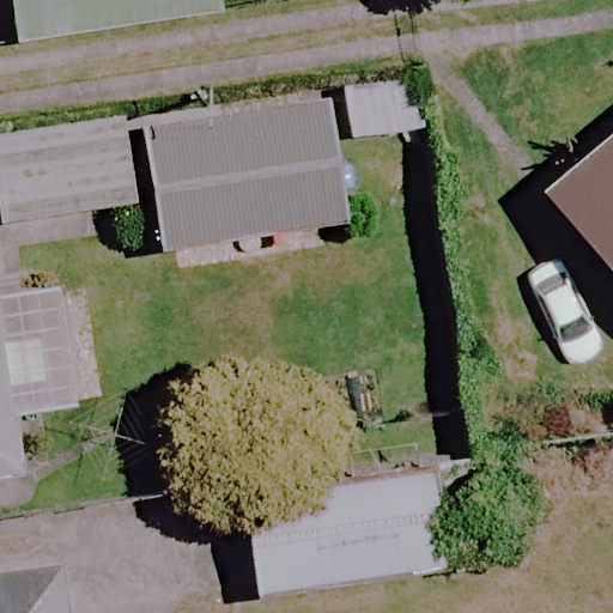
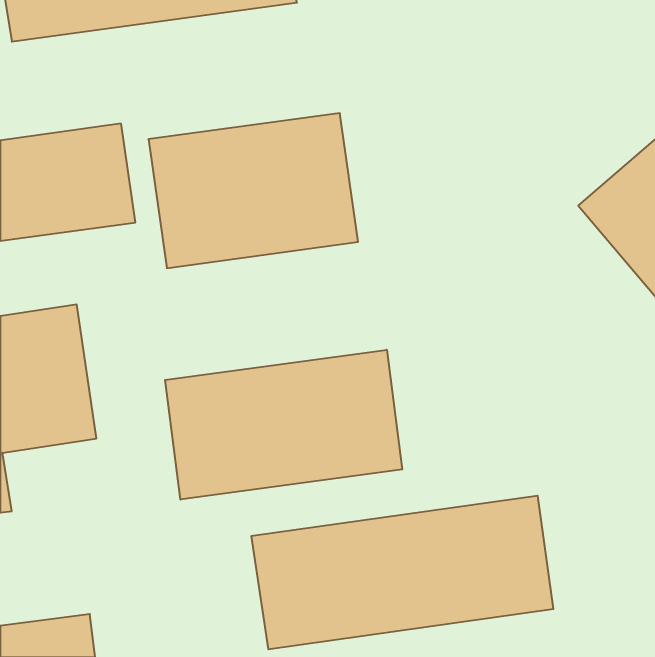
building: none -> [165,350,402,500]

